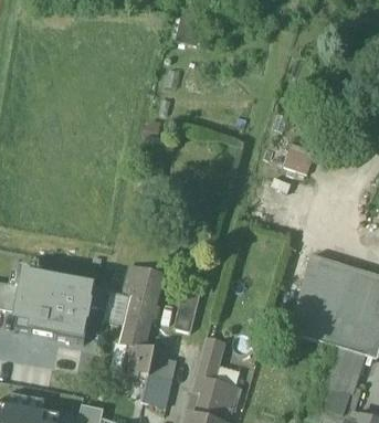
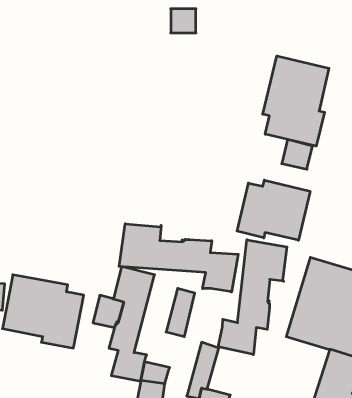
building: none -> [263,56,329,146]
building: none -> [237,180,310,240]
building: none -> [119,224,238,292]
building: none -> [218,240,287,355]

